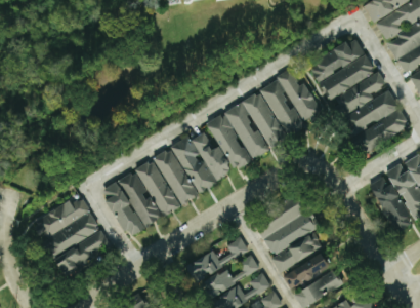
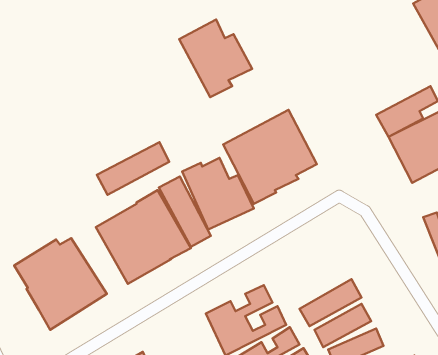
building: [307,40,374,101] -> none
building: [259,71,320,136] -> [179,19,252,97]
building: none -> [97,142,169,195]
building: [257,204,314,255] -> none

